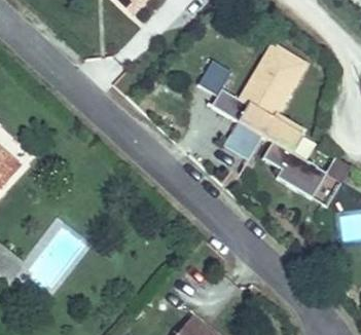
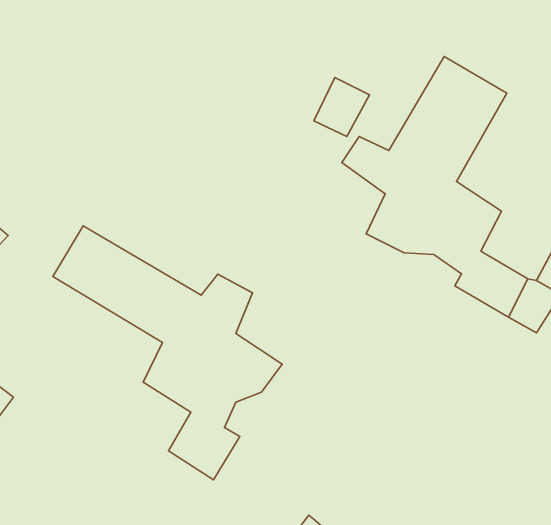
building: none -> [53,226,282,480]

